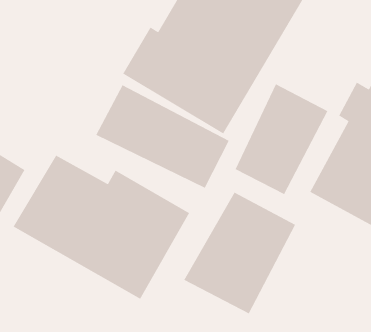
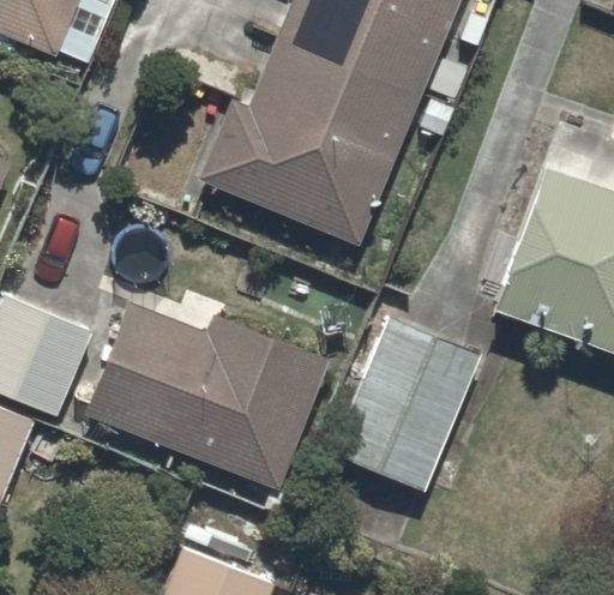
building: [234,83,328,195] -> none
building: [95,84,230,189] -> none

